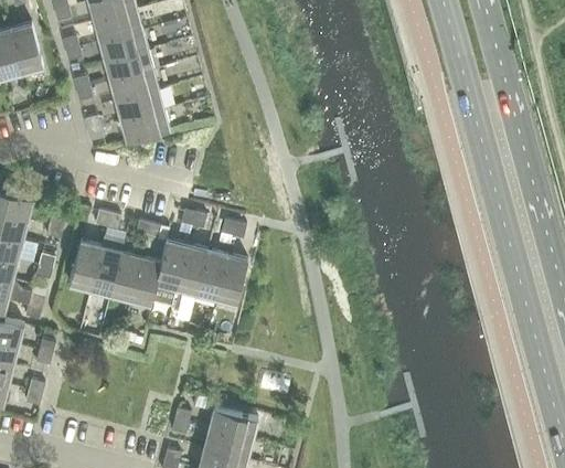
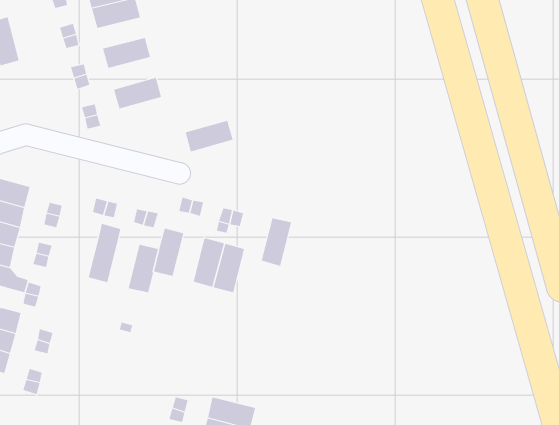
building: [10,23,42,73] -> none
building: [98,30,147,61] -> none
building: [109,70,158,102] -> none
building: [120,109,169,141] -> [185,120,233,152]
building: [68,241,100,289] -> none
building: [174,245,205,294] -> [261,218,292,266]
building: [109,251,140,300] -> none

